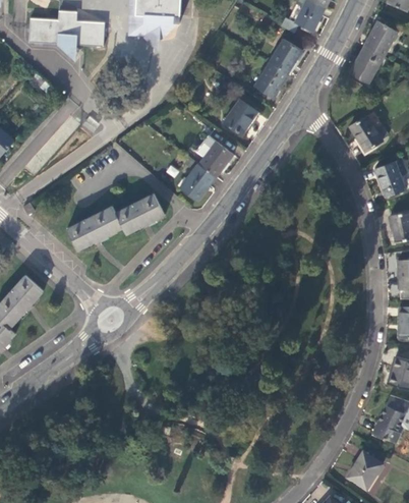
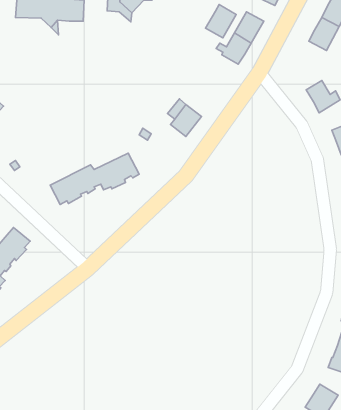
building: none -> [206,5,236,38]
building: [224,98,257,132] -> none
building: [178,161,216,200] -> none

